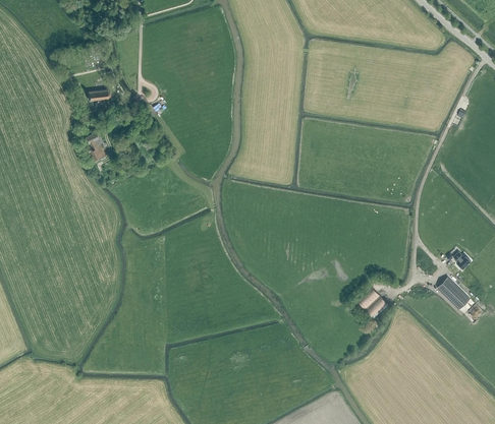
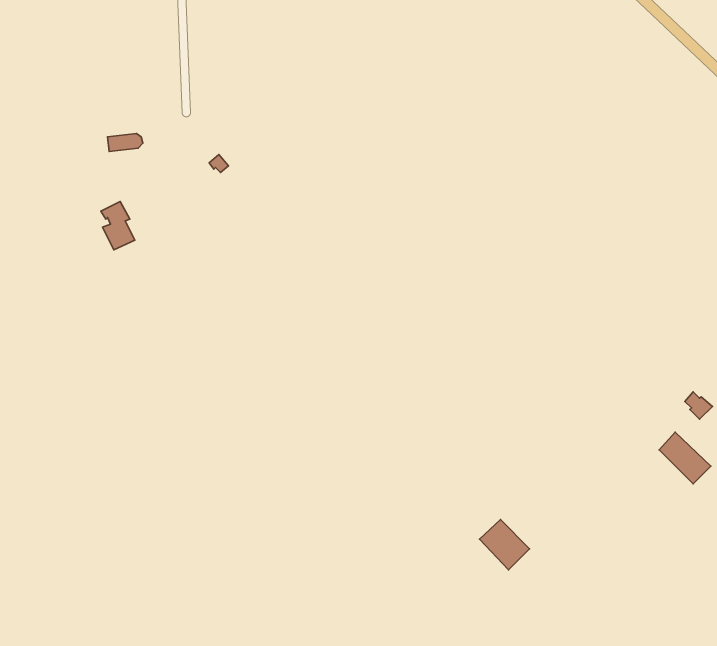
building: [356,288,388,319] -> [480,520,530,570]

